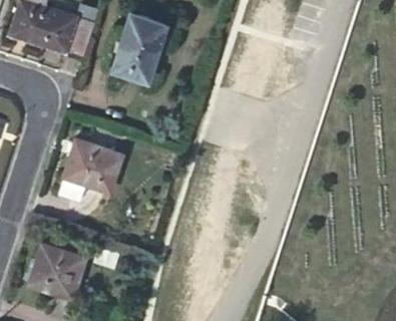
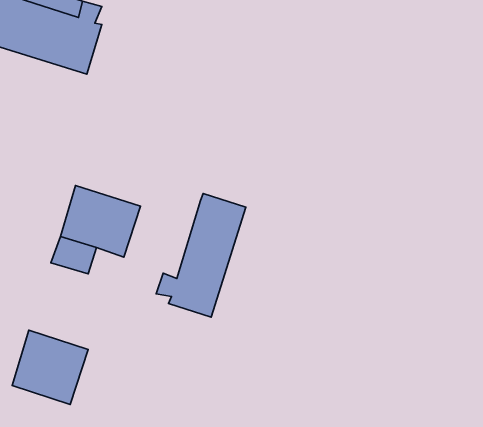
building: [112,14,164,79] -> none
building: none -> [156,193,246,317]

